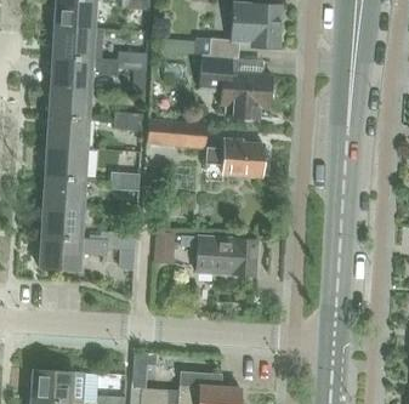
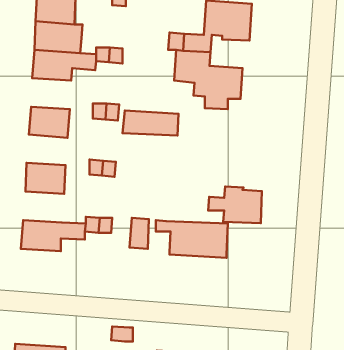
building: [47,85,90,118] -> none
building: [206,137,263,176] -> [208,186,262,223]
building: [42,144,86,177] -> none
building: [39,205,83,238] -> none

